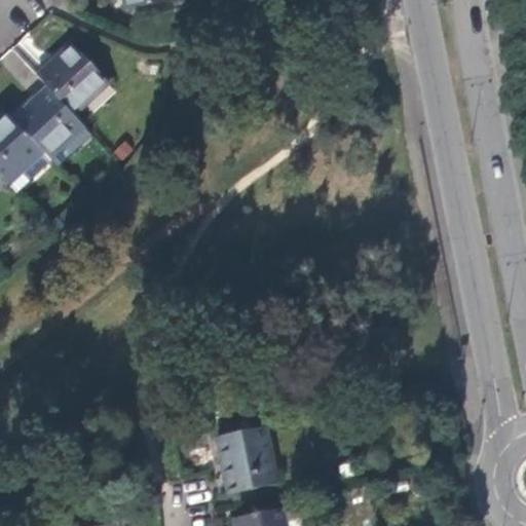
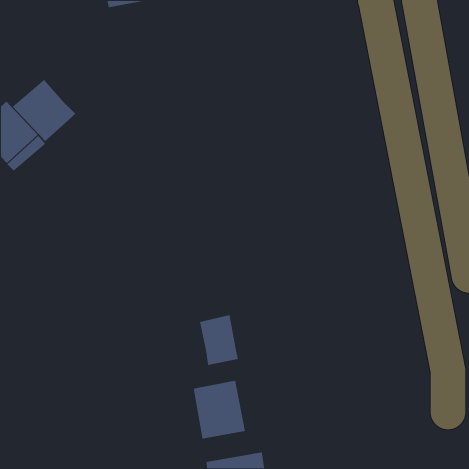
building: [38,45,109,116] -> none
building: none -> [199,314,239,366]

